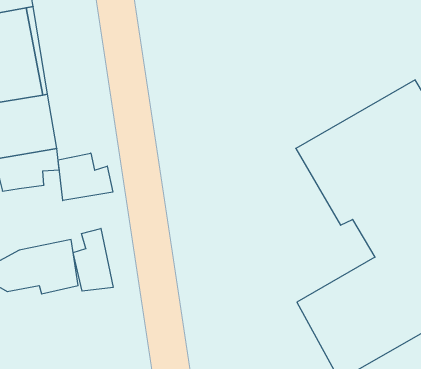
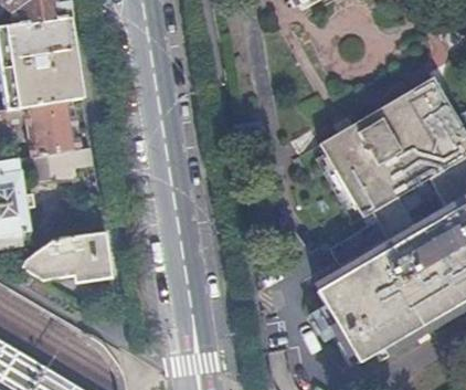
building: [58,153,113,201] -> none
building: [73,228,113,291] -> none

